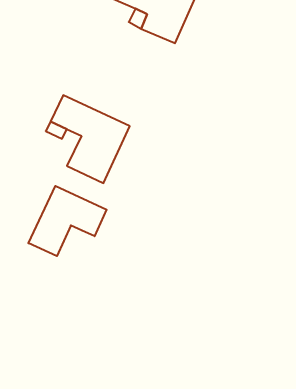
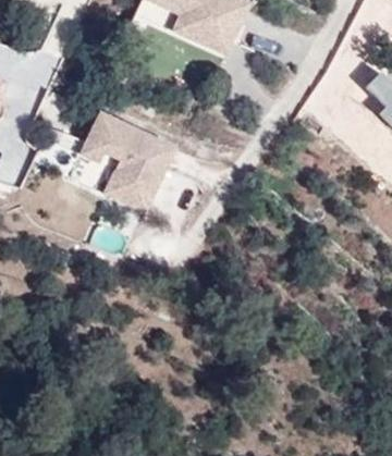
building: [28,186,107,256] -> none

